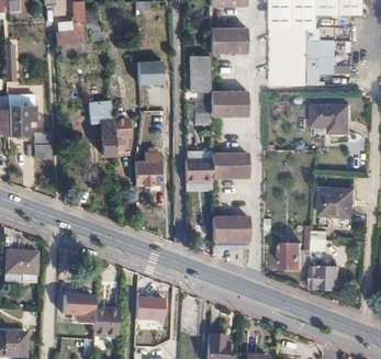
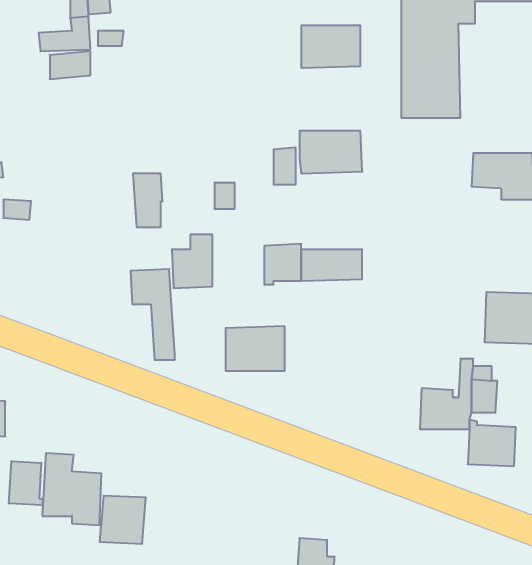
building: [310,47,336,85] -> none
building: [191,55,211,91] -> none
building: [141,61,166,86] -> none
building: [88,98,114,152] -> [130,269,175,360]
building: [212,214,247,240] -> [226,326,285,371]
building: none -> [9,461,43,506]
building: [138,298,167,321] -> none

